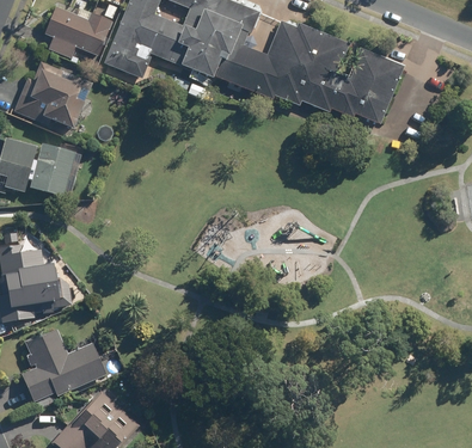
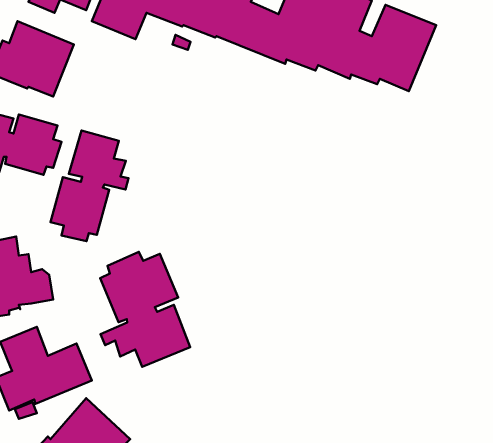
building: none -> [51,131,128,241]
building: none -> [100,252,190,367]

